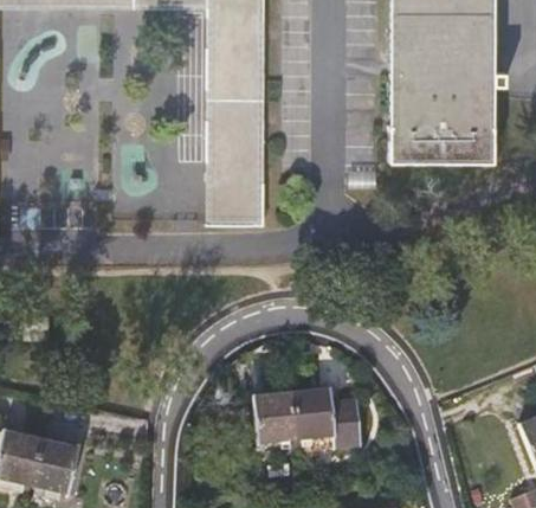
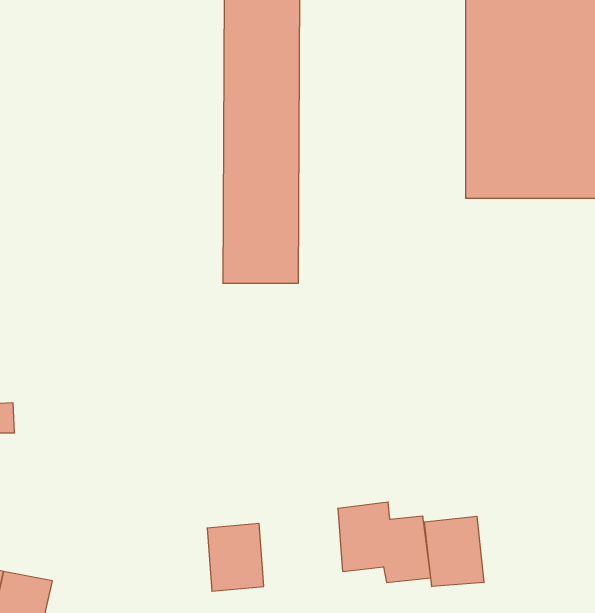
building: [253,392,296,443] -> [207,523,264,591]
building: none -> [424,516,484,587]

